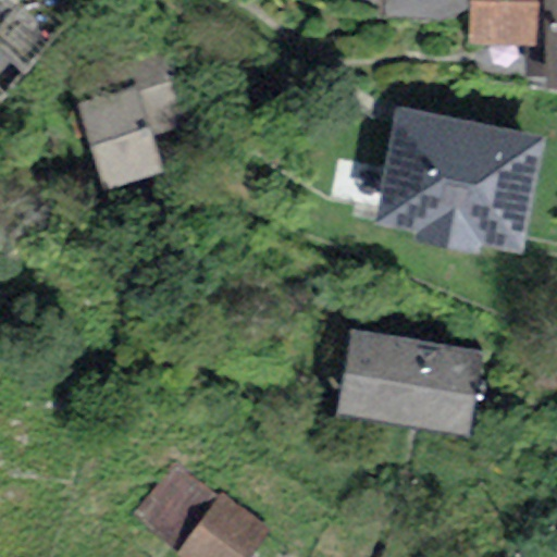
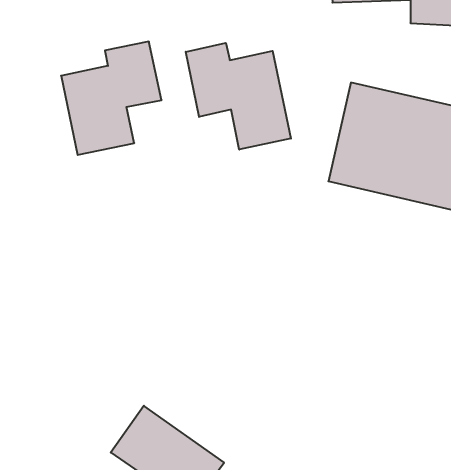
building: none -> [186,43,291,150]
building: [339,326,475,422] -> none

